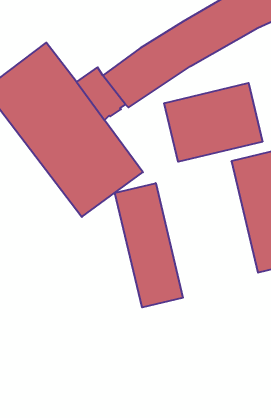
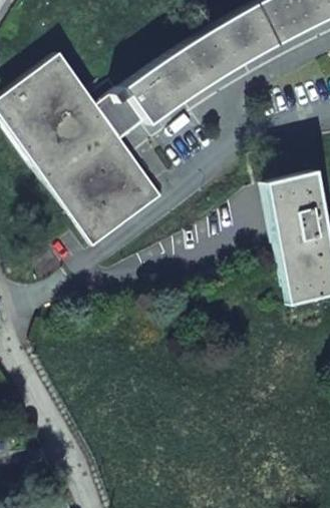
building: [164,83,262,162] -> none
building: [115,183,183,307] -> none

